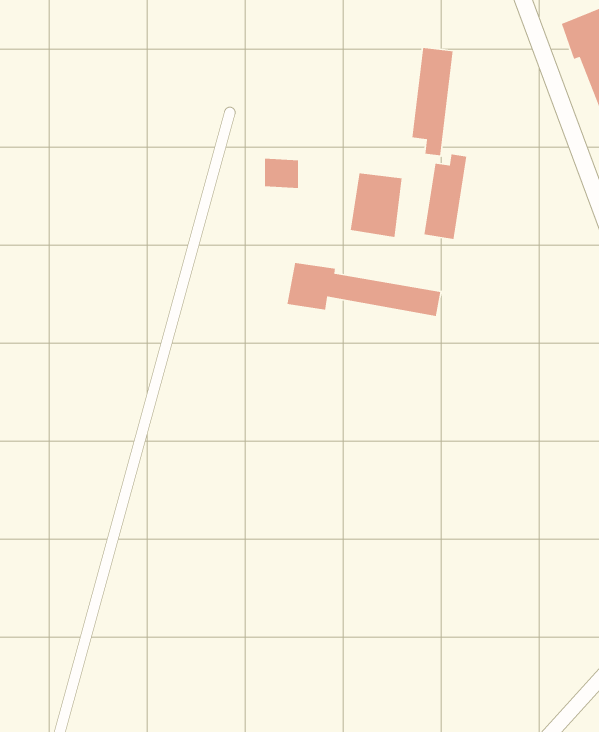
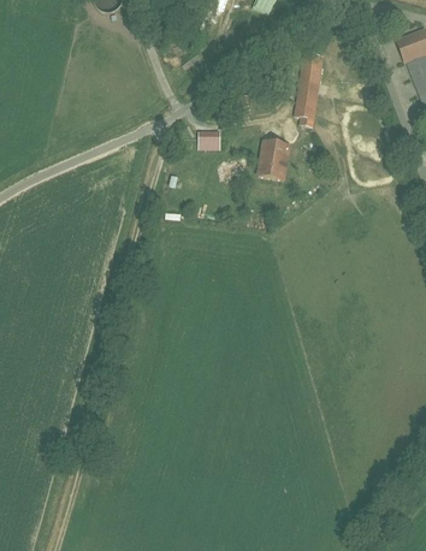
building: [423,153,467,240] -> none
building: [286,262,441,317] -> none

